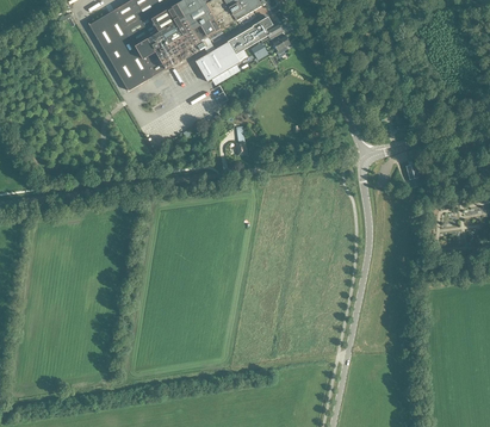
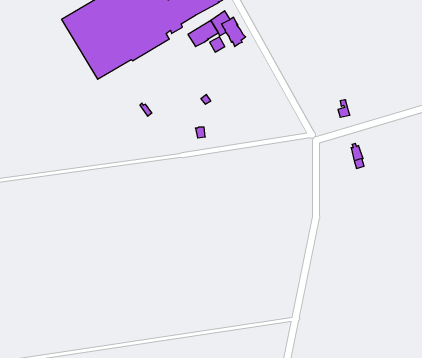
building: [193,41,249,81] -> none

